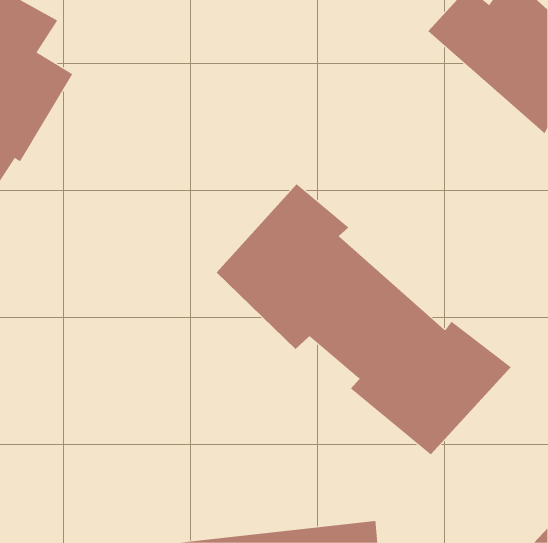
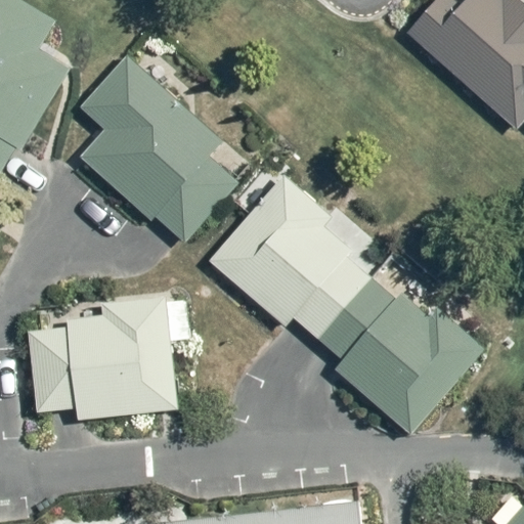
building: none -> [77,54,241,247]
building: none -> [31,298,190,419]

